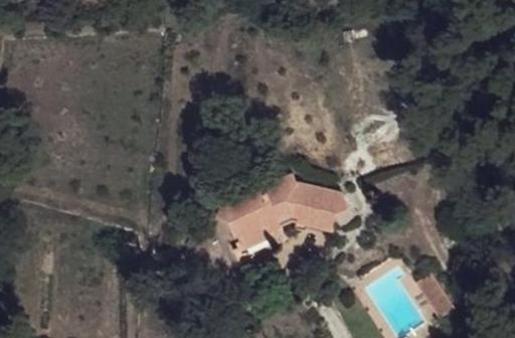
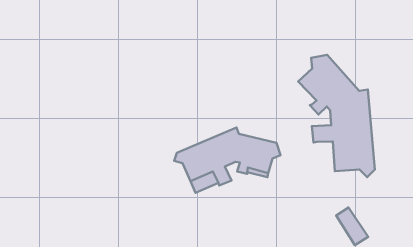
building: none -> [298,55,375,177]

